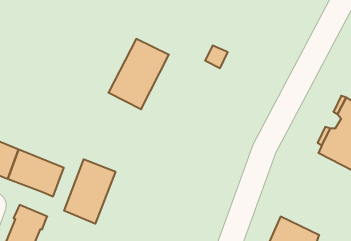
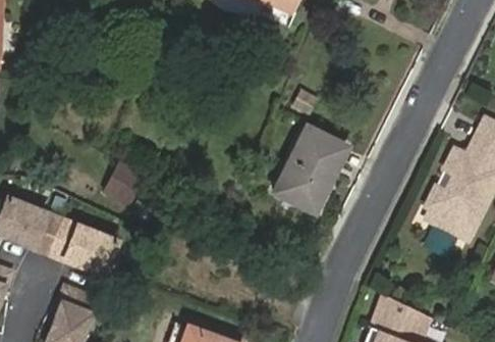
building: [108,39,169,109] -> [274,130,347,215]
building: none -> [101,160,141,202]
building: [64,159,115,224] -> none

